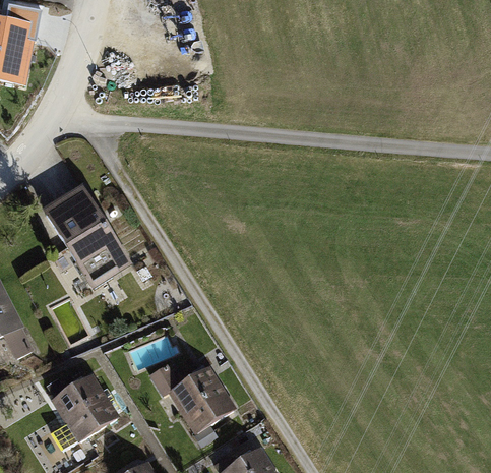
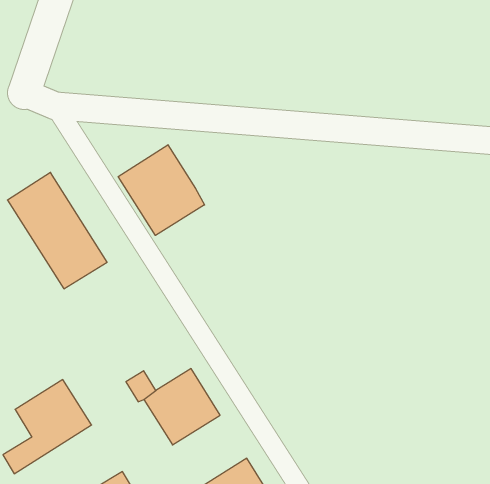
building: none -> [118,145,205,235]

